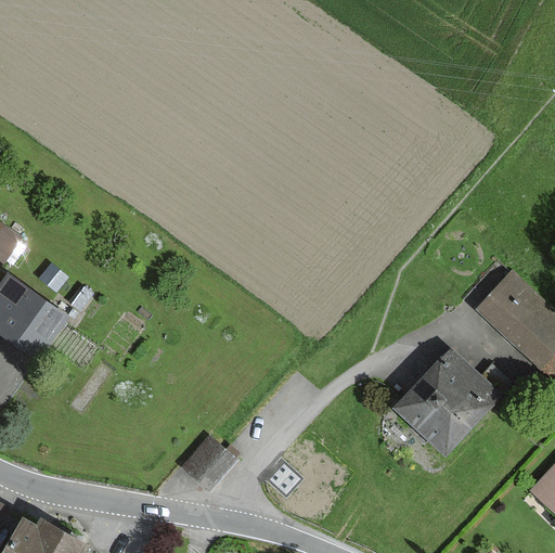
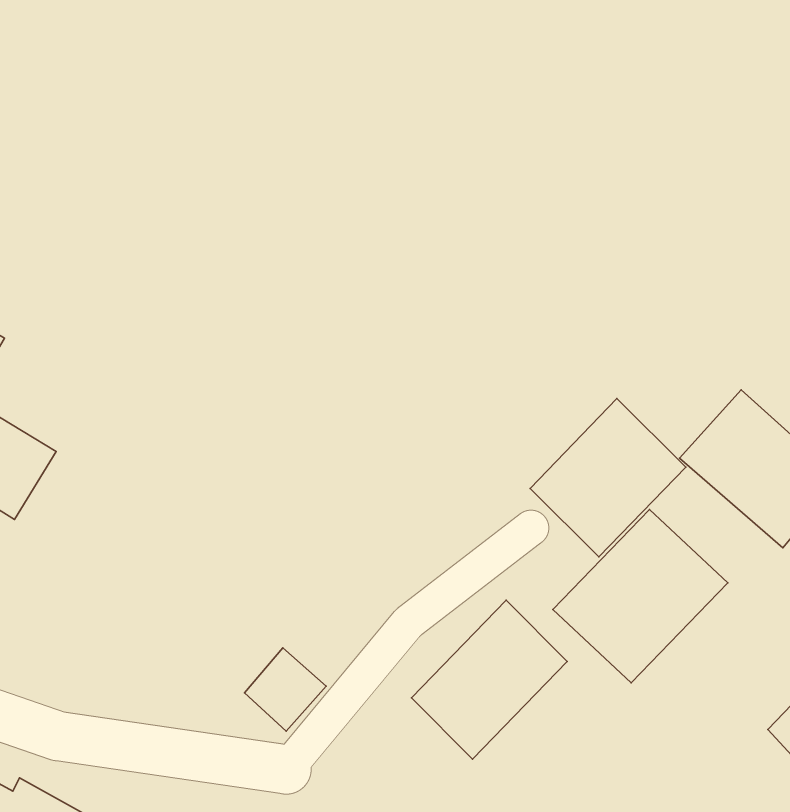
building: none -> [530,398,686,557]
building: none -> [412,600,567,759]

